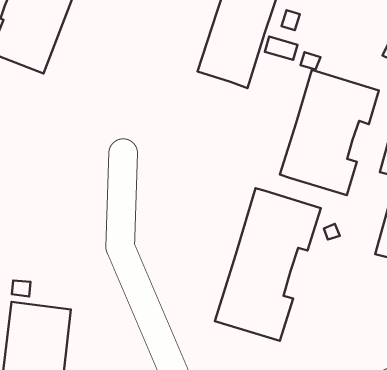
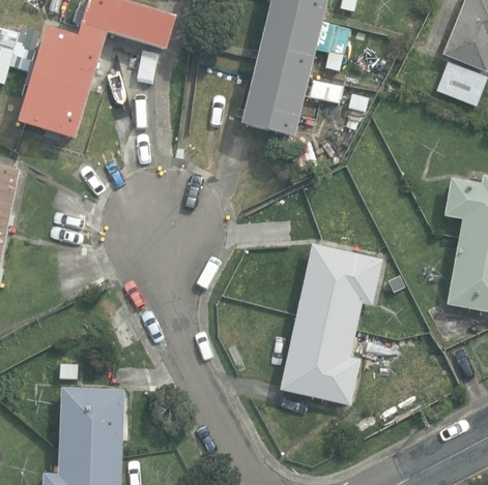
building: [280,70,379,195] -> none

